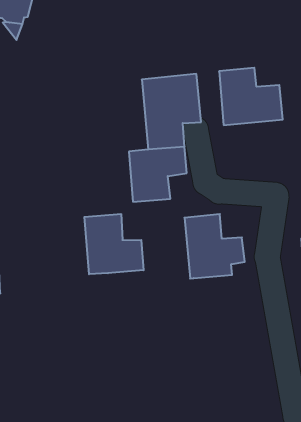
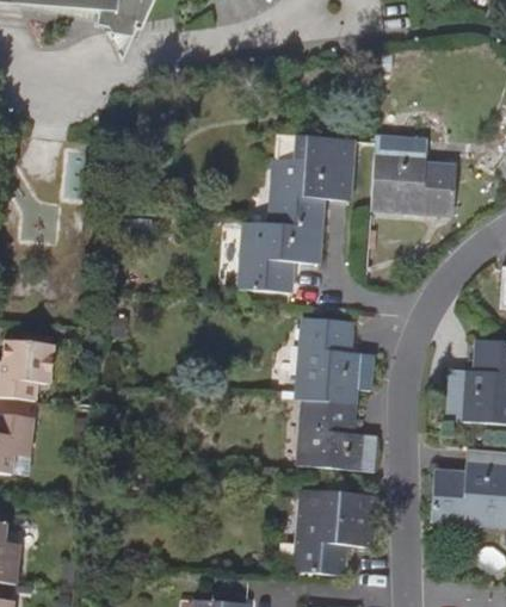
building: [84,214,144,274] -> none
building: none -> [300,398,376,470]
building: none -> [297,490,374,576]

